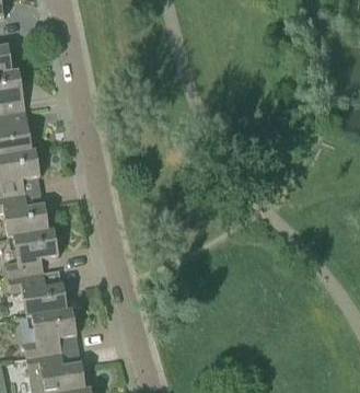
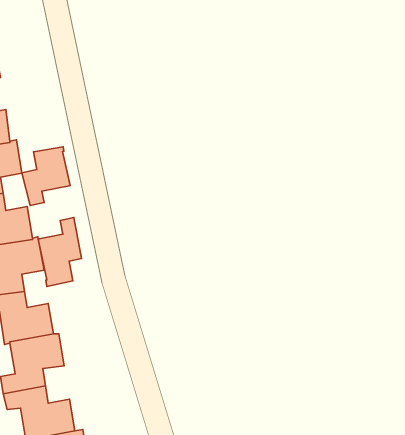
building: none -> [22,147,70,205]
building: none -> [38,218,81,286]

